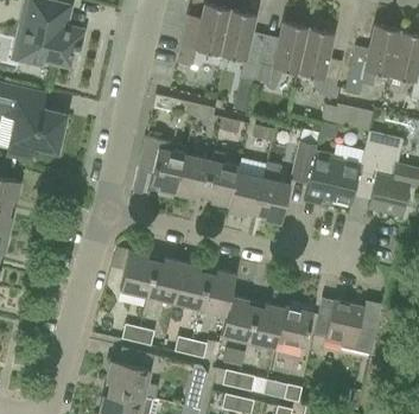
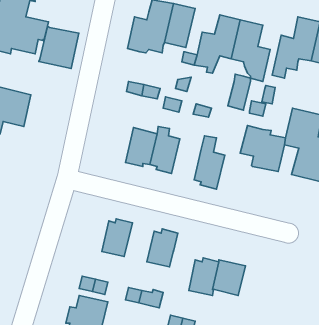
building: none -> [39,26,79,69]
building: [139,136,184,198] -> none
building: [290,142,316,184] -> [228,74,251,110]
building: [227,166,262,216] -> none
building: [120,250,155,297] -> none
building: [173,263,208,308] -> none
building: [221,295,255,342] -> none
building: [313,298,379,355] -> none

